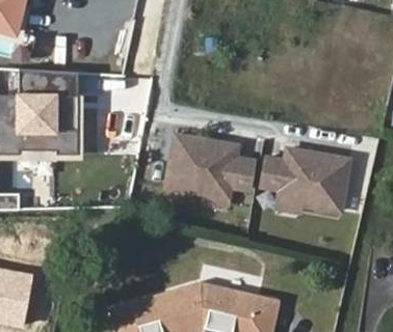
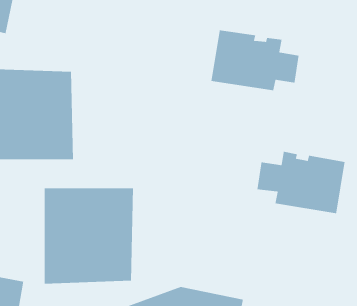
building: [165,136,253,196] -> [211,30,299,91]
building: none -> [44,187,134,285]

